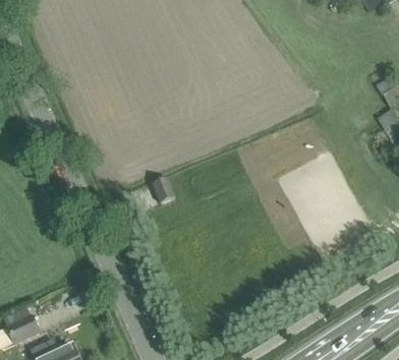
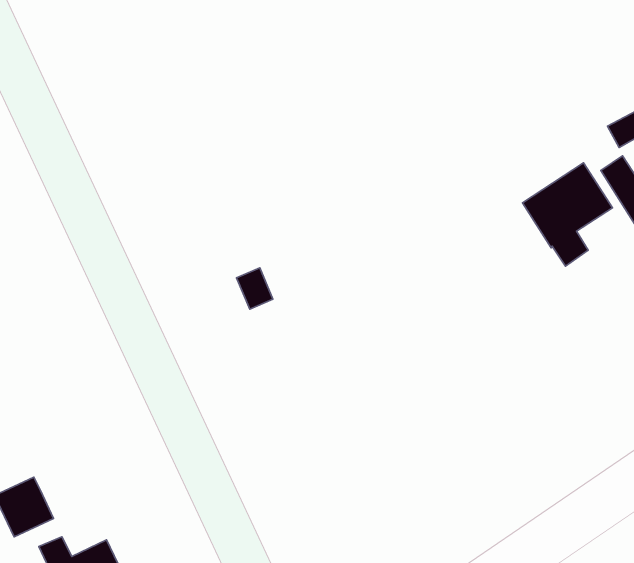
building: none -> [522,163,612,266]

